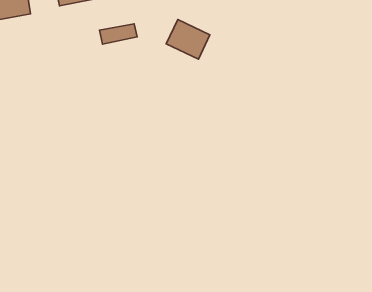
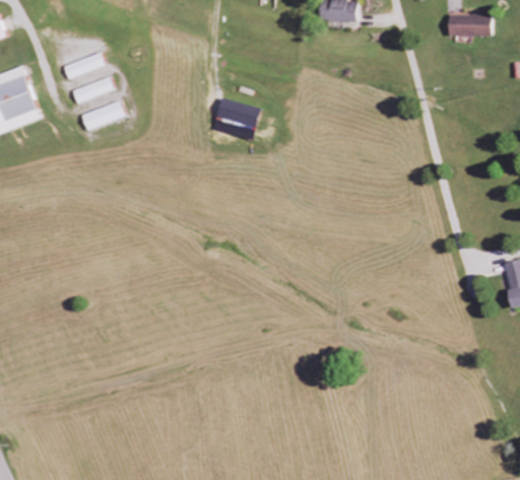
building: [100,24,137,44] -> [79,100,126,131]

